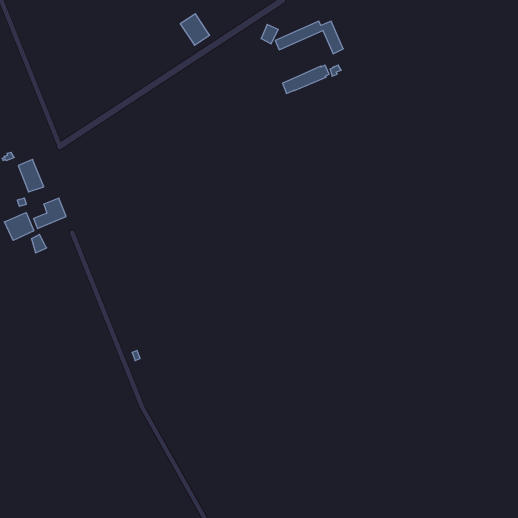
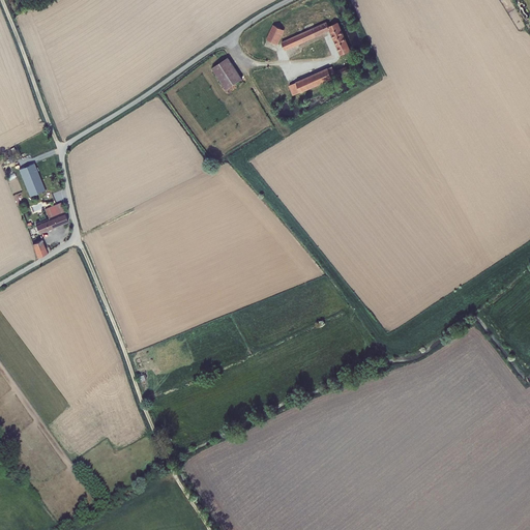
building: [180,14,210,45] -> [211,58,241,90]
building: [4,213,34,240] -> none

